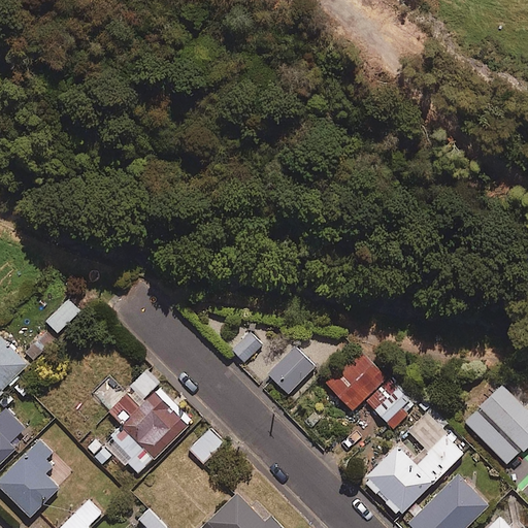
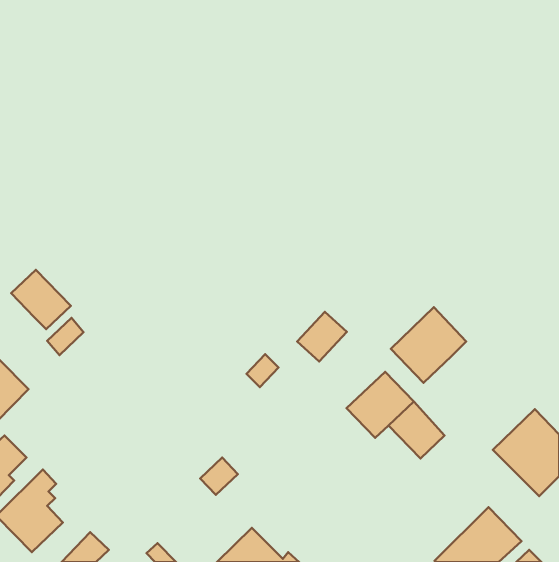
building: none -> [11,270,71,329]
building: none -> [391,307,466,383]
building: [268,348,315,394] -> [297,312,347,361]
building: [102,369,190,473] -> none
building: [361,414,464,519] -> none

